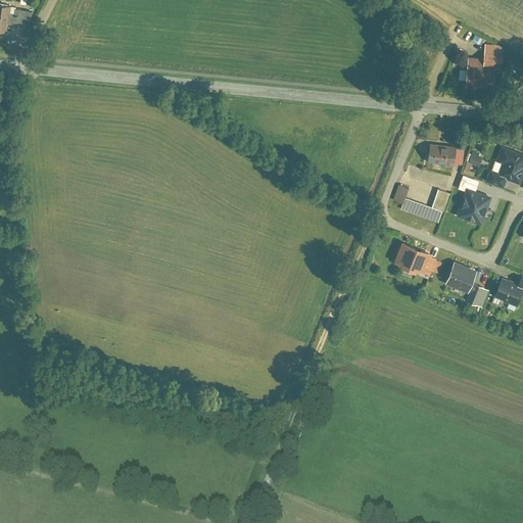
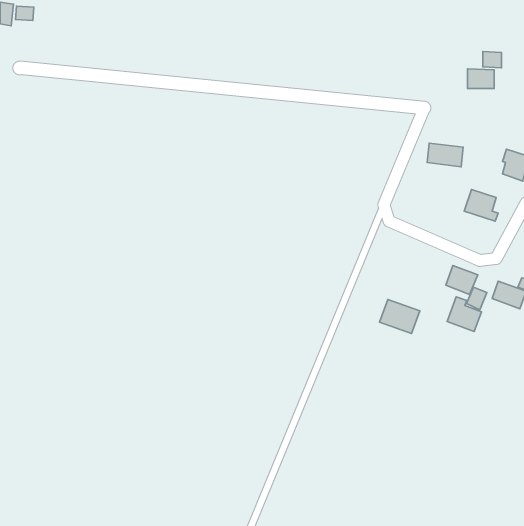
building: [392,185,450,225] -> none
building: [393,240,433,274] -> [380,299,420,333]
building: none -> [447,297,482,332]

